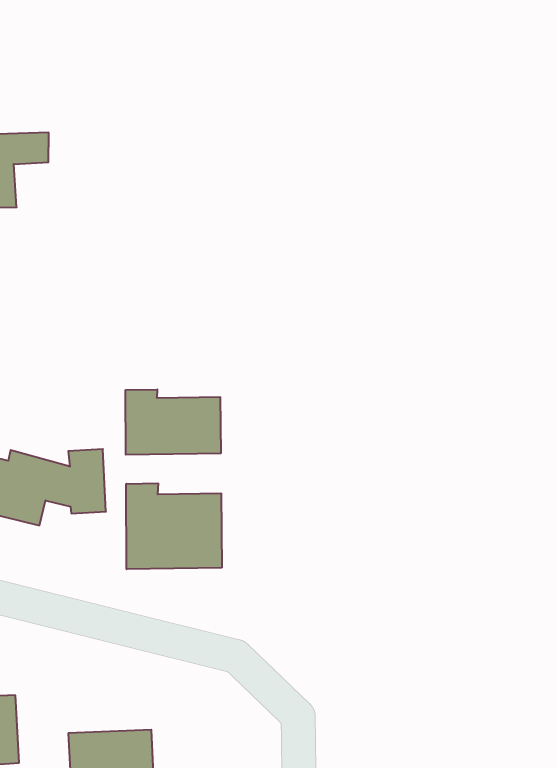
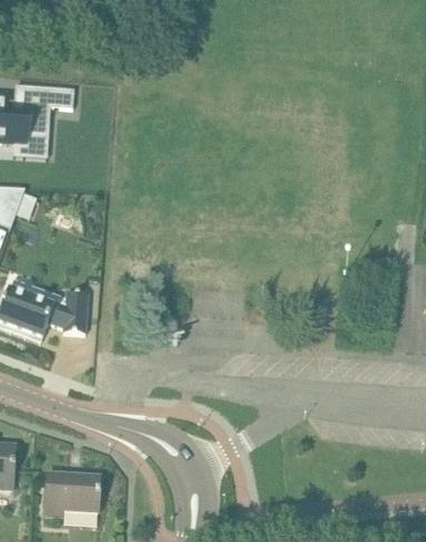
building: [126,389,221,455] -> none
building: [126,483,222,569] -> none

